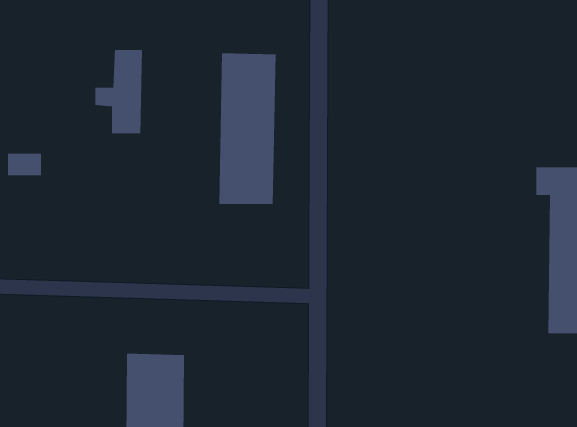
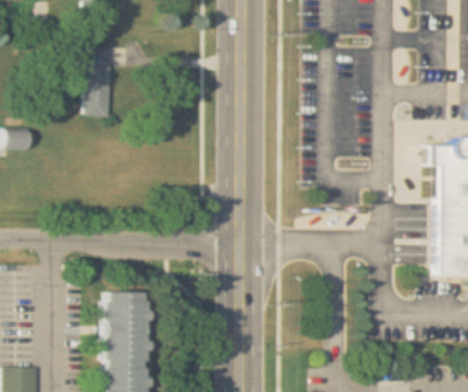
building: [219,52,276,205] -> none

